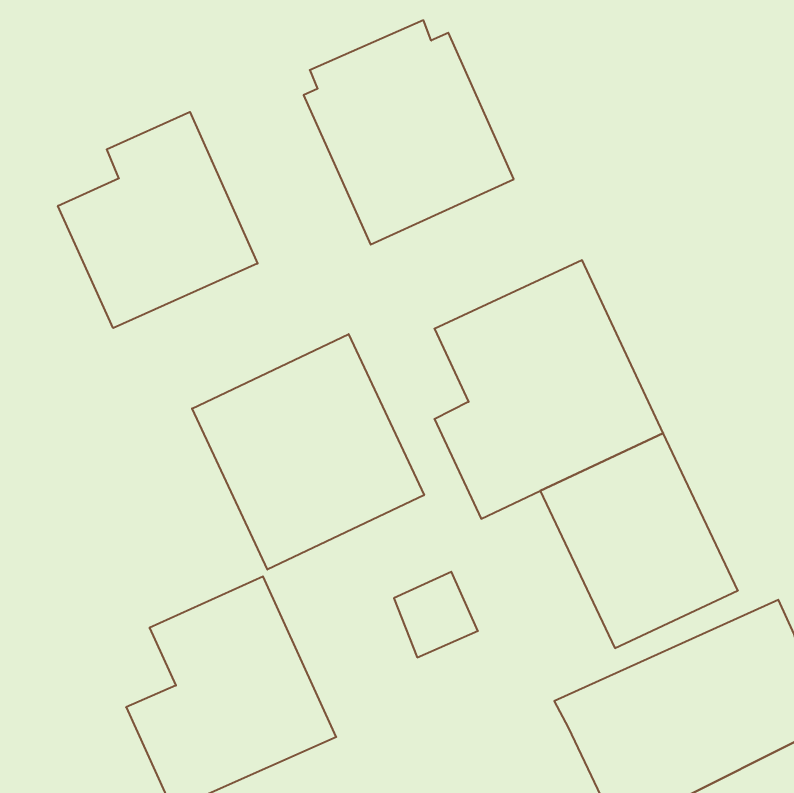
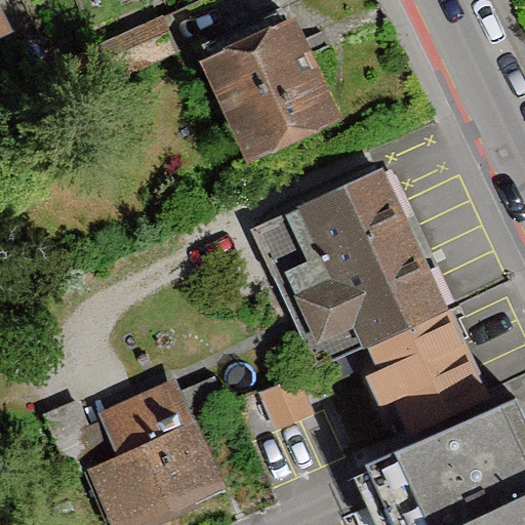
building: [58,112,258,328] -> none
building: [192,334,424,570] -> none

